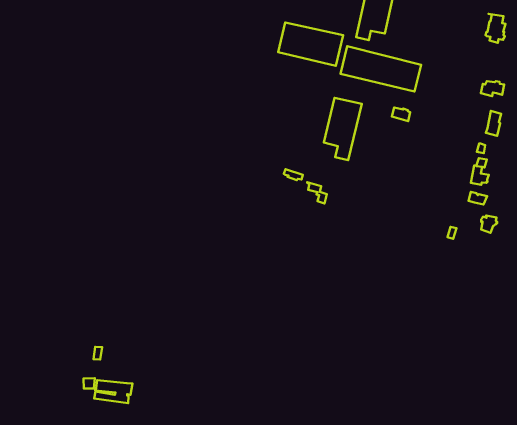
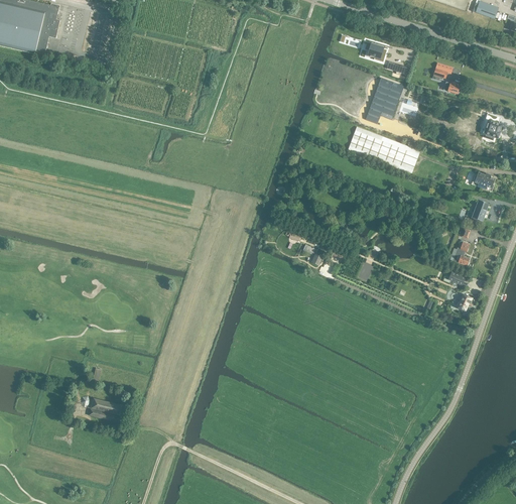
building: [278,23,343,66] -> none
building: [324,98,362,160] -> none

